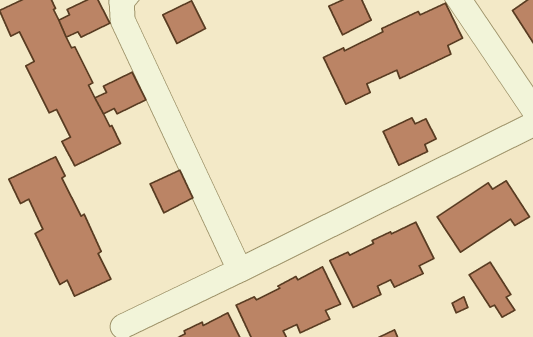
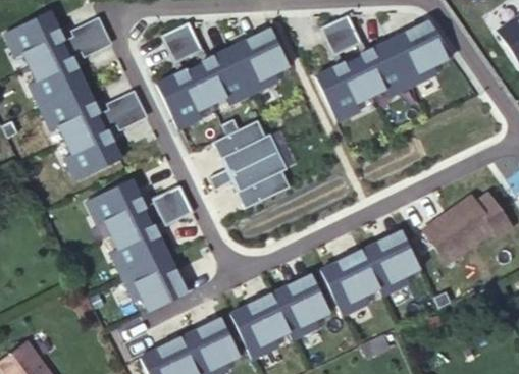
building: none -> [156,30,290,127]
building: none -> [209,116,290,207]
building: [383,118,436,165] -> none
building: [9,157,111,296] -> [86,177,184,311]
building: [469,262,515,317] -> none

